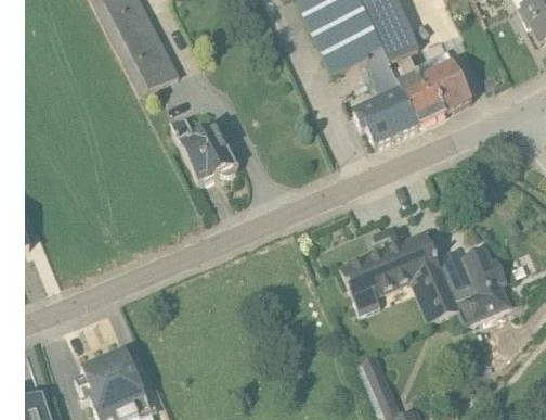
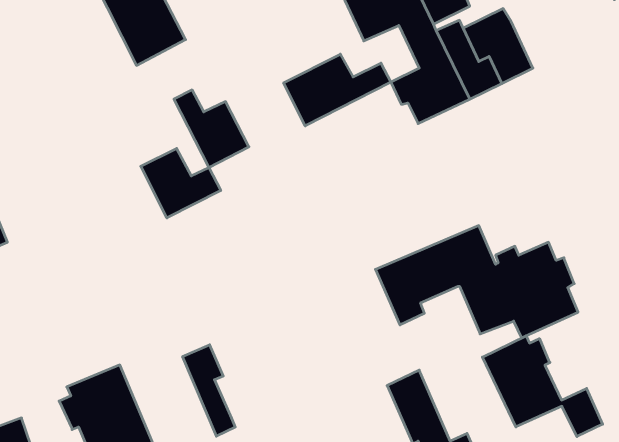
building: none -> [284,54,391,126]
building: none -> [141,148,221,218]
building: none -> [482,336,603,437]
building: none -> [183,345,235,436]

